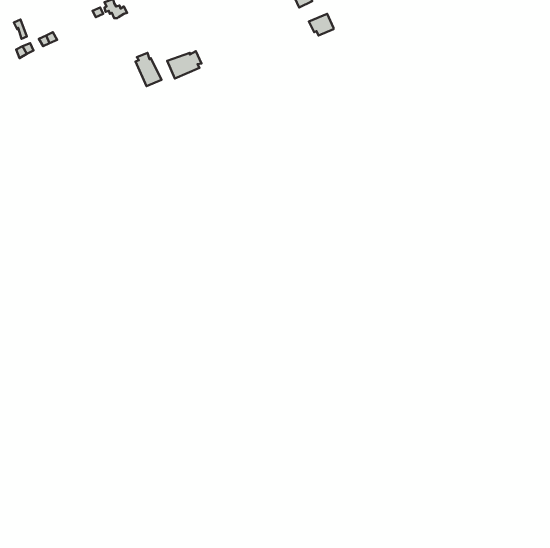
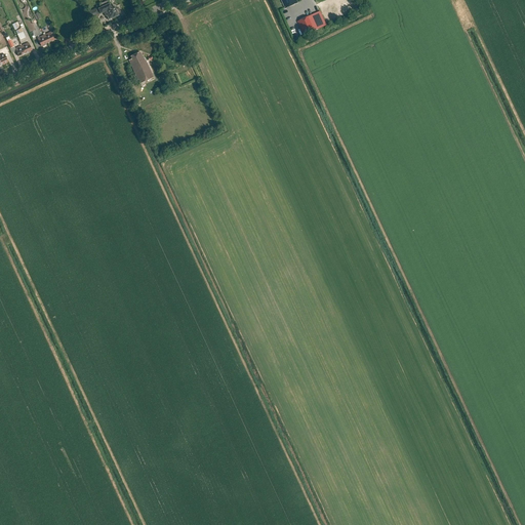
building: [167,51,201,78] -> none

